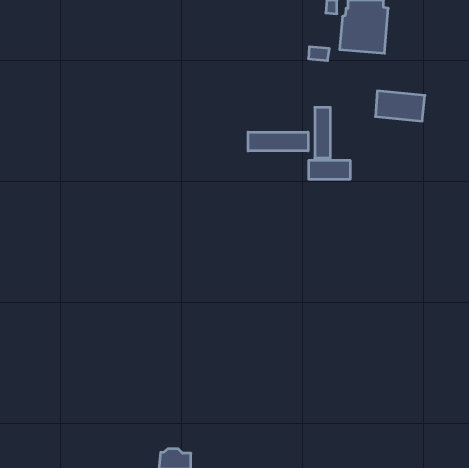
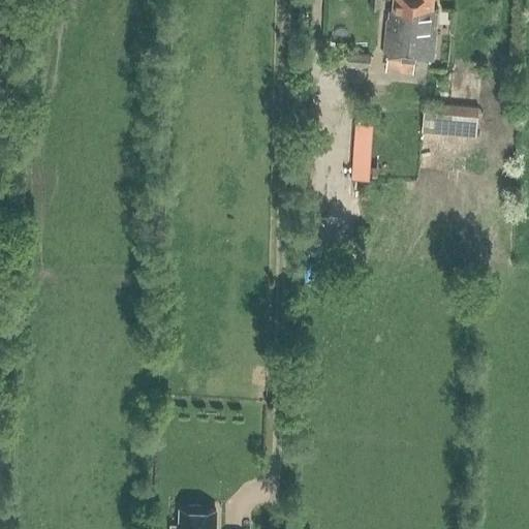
building: [248,132,308,151] -> none
building: [309,160,350,179] -> none

